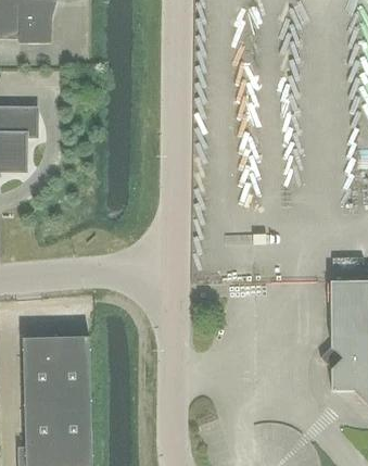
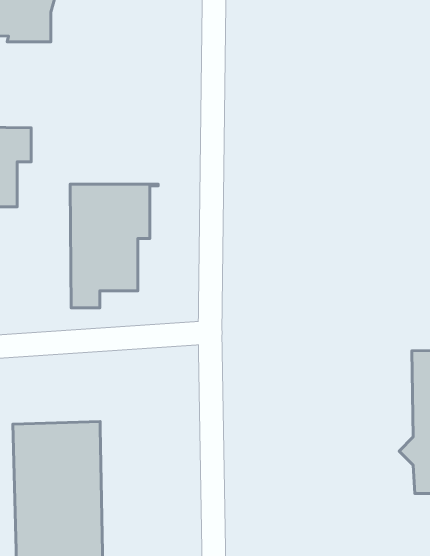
building: none -> [70,184,158,308]

